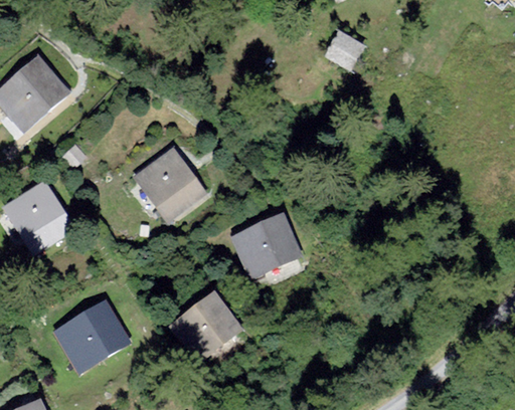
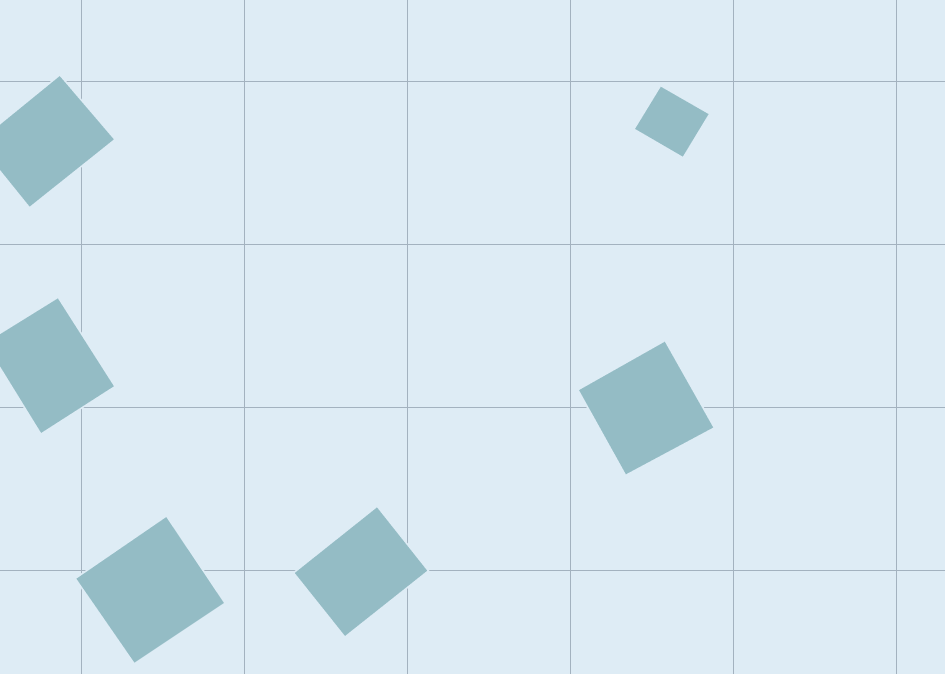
building: [325,30,365,68] -> [634,86,710,158]
building: [134,151,207,226] -> none
building: [232,207,305,278] -> [578,341,715,475]

